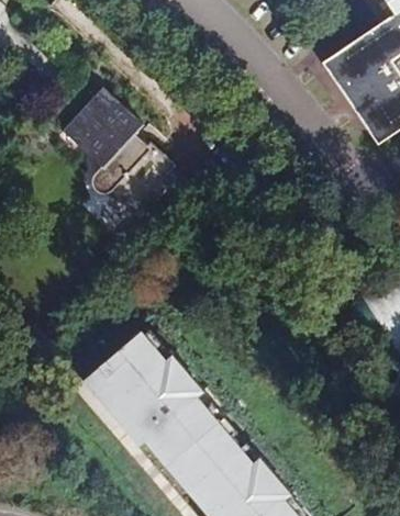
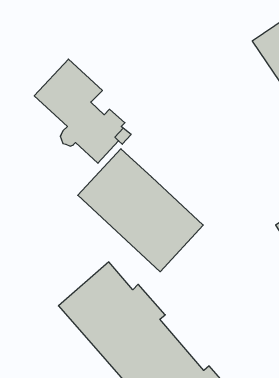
building: none -> [78,149,203,272]

